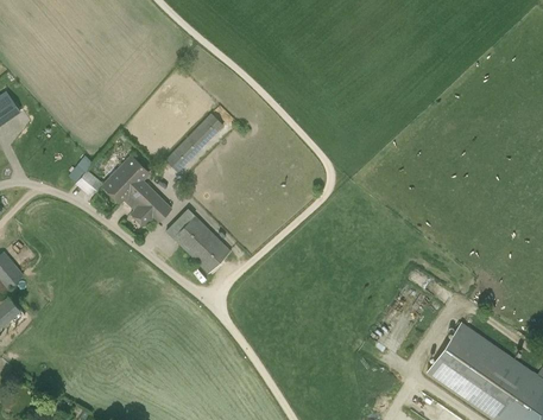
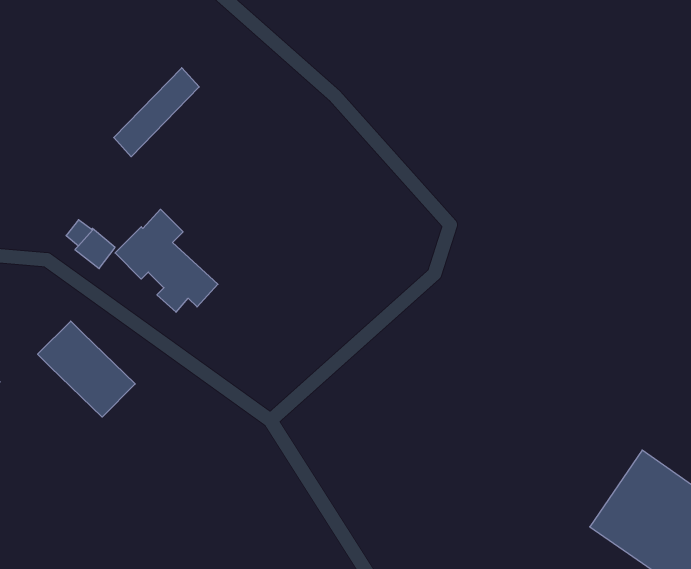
building: [165,112,223,172] -> [114,68,199,157]
building: [165,208,232,273] -> [38,321,135,417]

